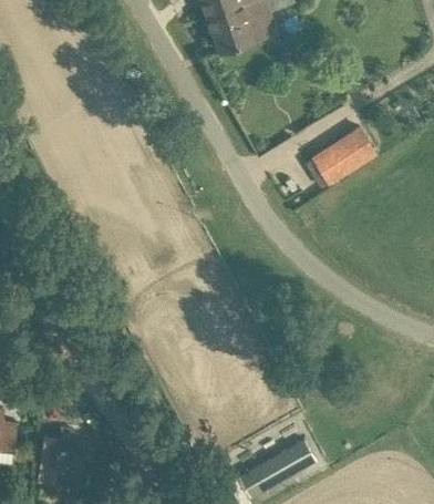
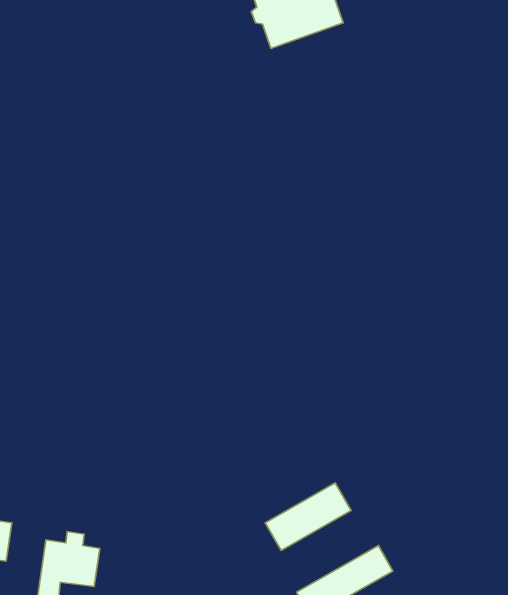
building: [312,134,365,185] -> none
building: none -> [265,483,351,551]

